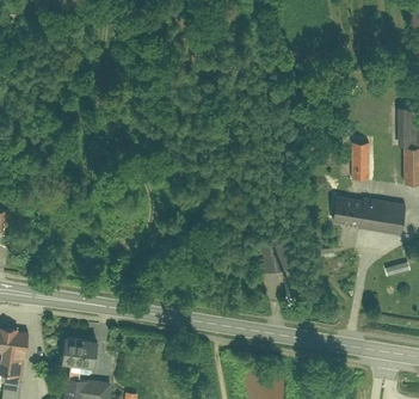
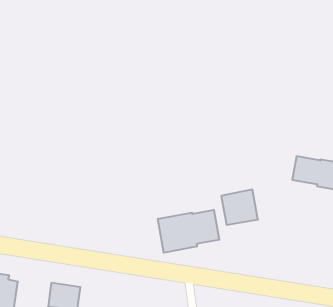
building: [351,145,369,179] -> none
building: none -> [158,210,219,253]

